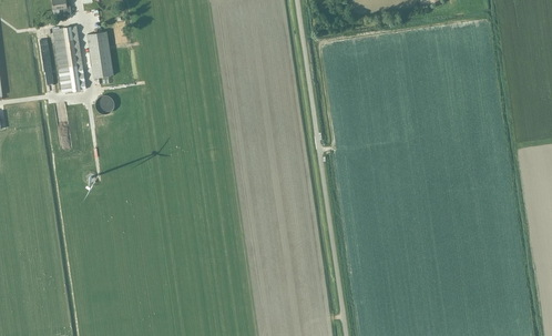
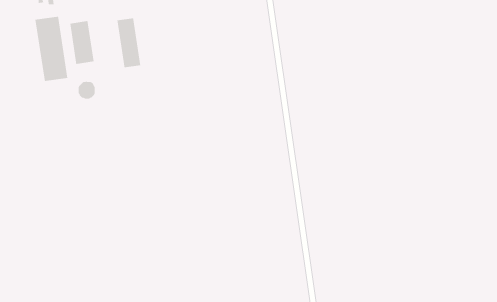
building: none -> [117,18,141,68]

